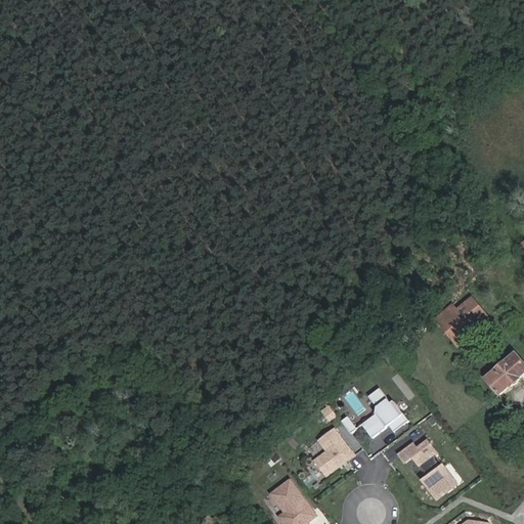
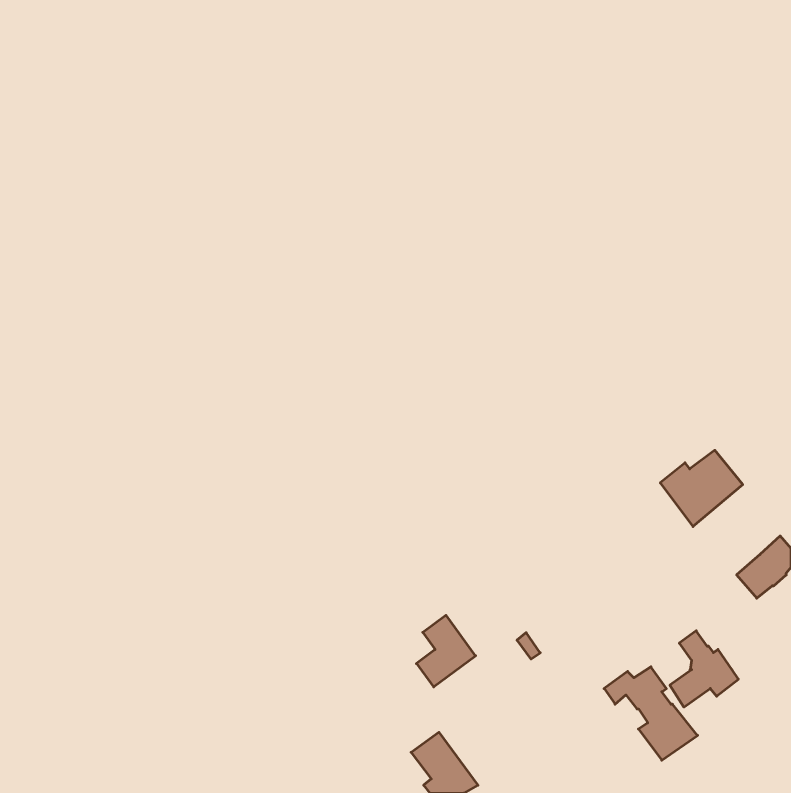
building: [361,387,406,437] -> [670,631,738,707]
building: [313,429,352,476] -> [416,615,476,687]

